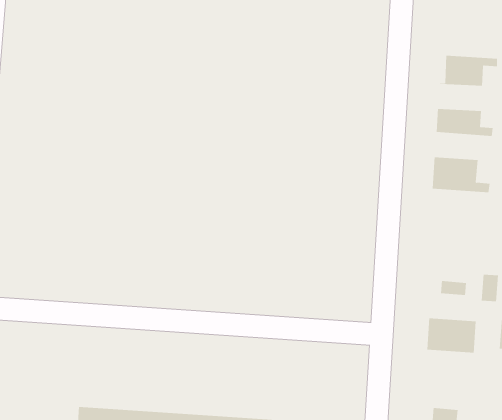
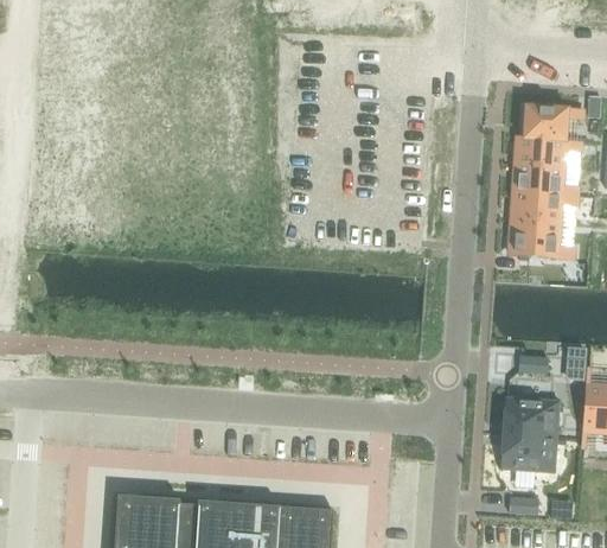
building: none -> [516,138,582,167]
building: none -> [512,191,577,222]
building: none -> [501,433,557,472]

